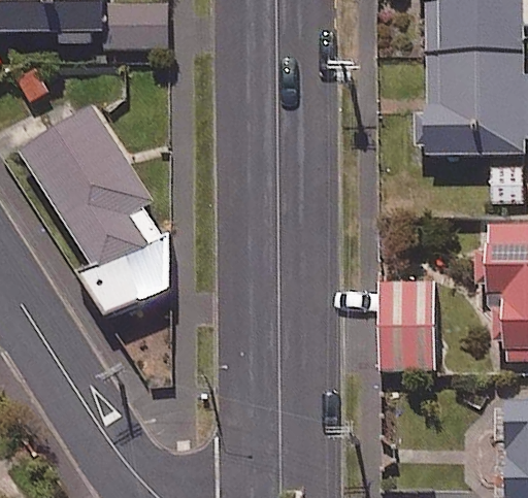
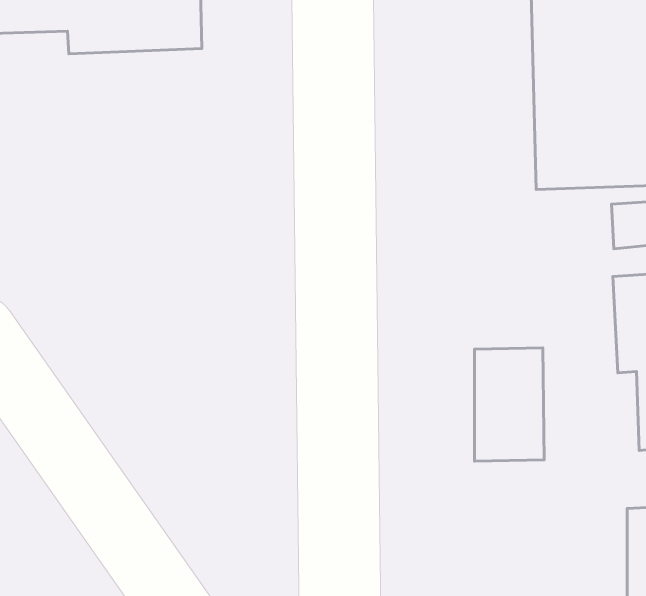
building: [22,106,171,319] -> none

